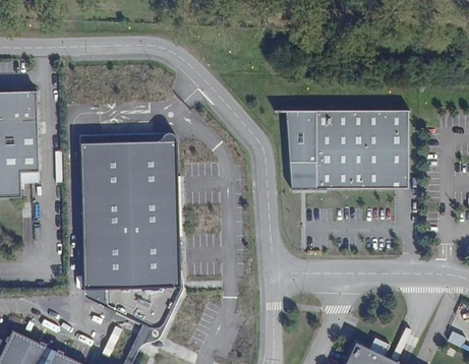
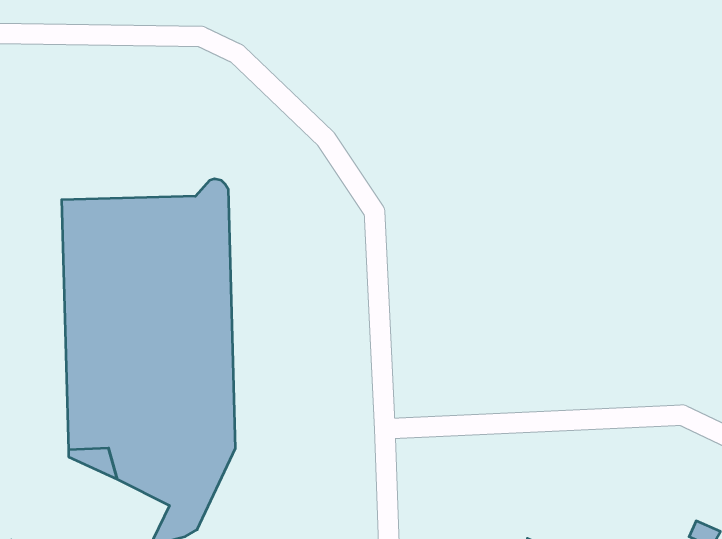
building: [273,102,407,188] -> none

